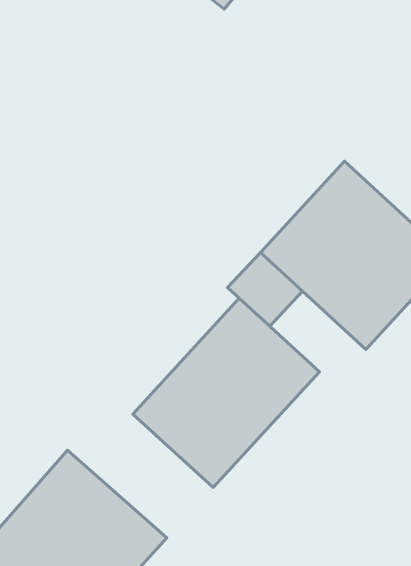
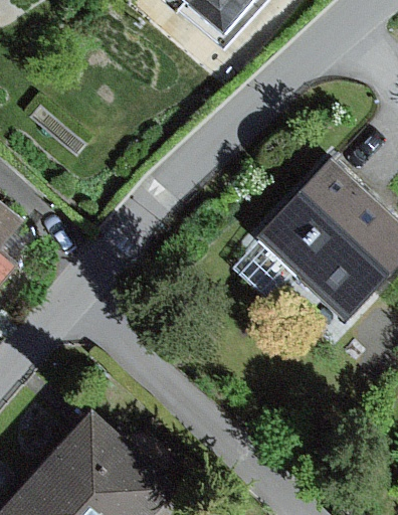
building: [133,298,320,488] -> none

